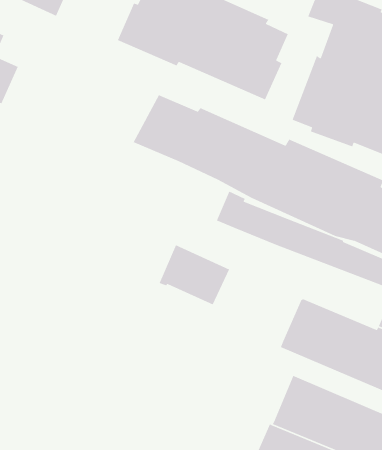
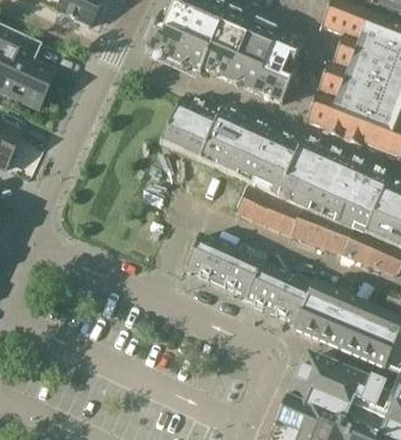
building: none -> [234,258,315,326]

